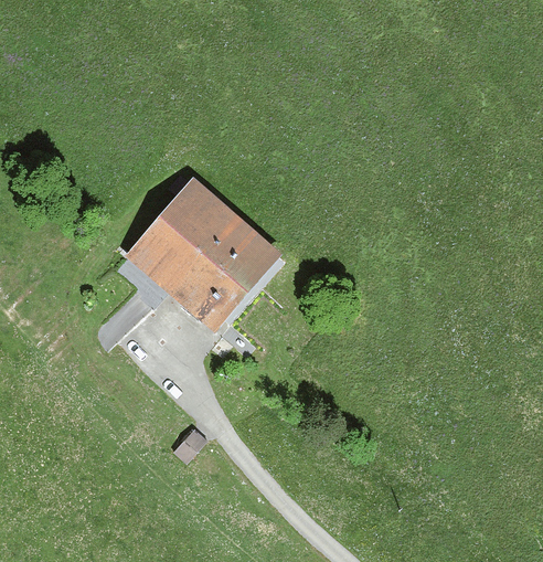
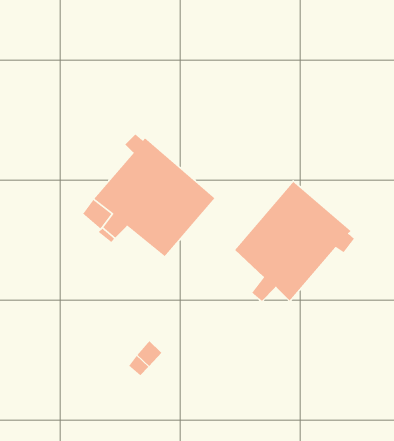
building: none -> [234,181,355,302]

